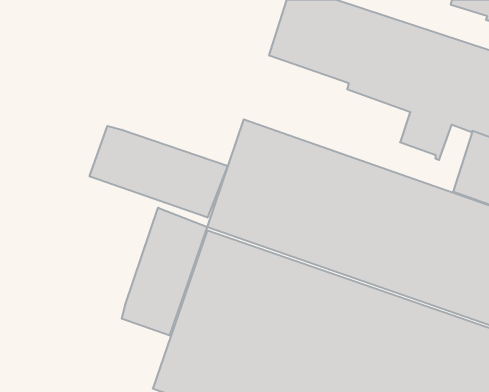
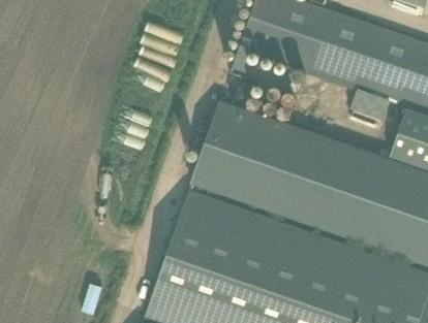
building: [90,126,228,218] -> none
building: [122,208,207,336] -> none

